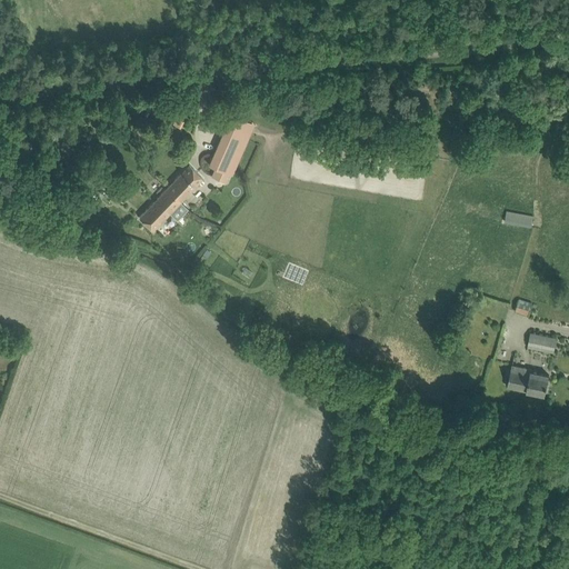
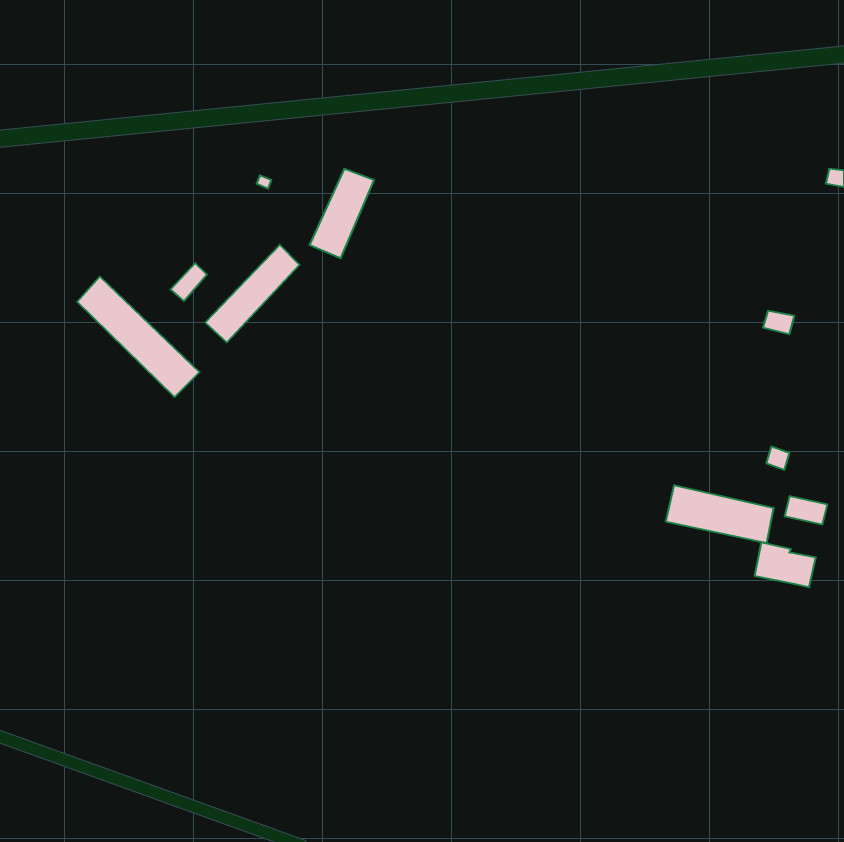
building: none -> [77,277,200,397]
building: none -> [666,485,774,543]

